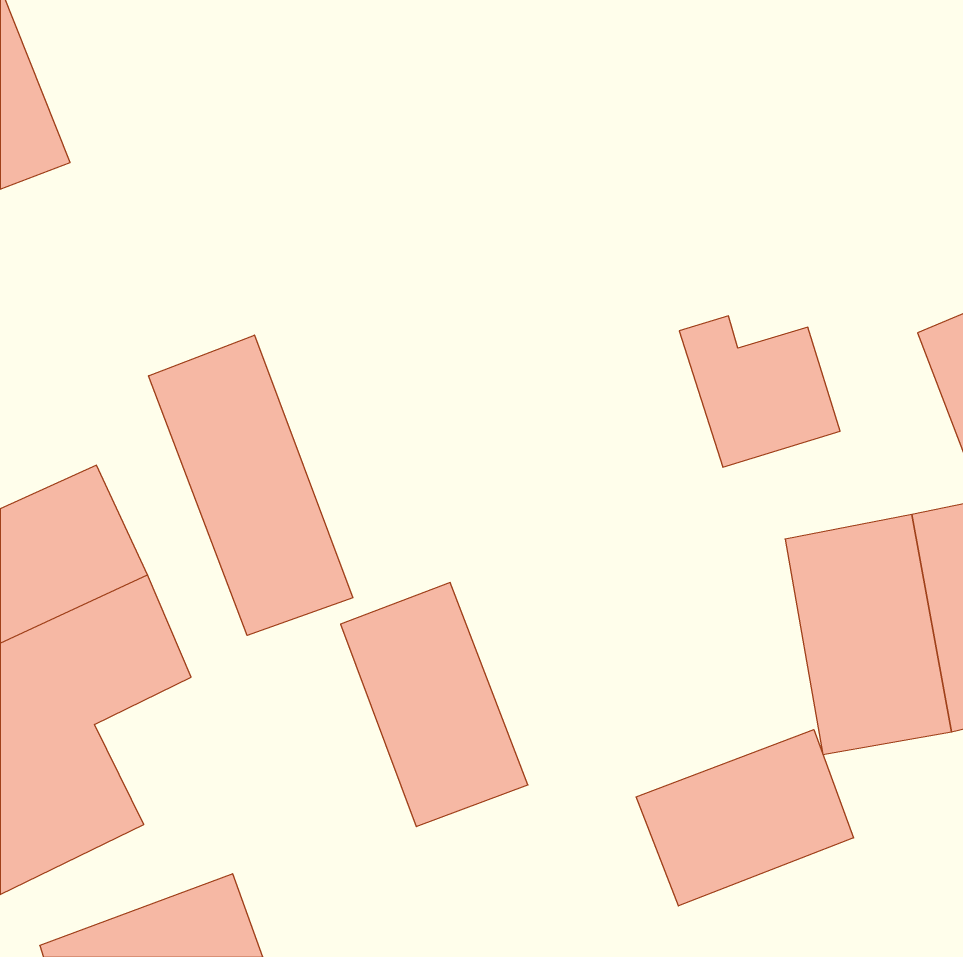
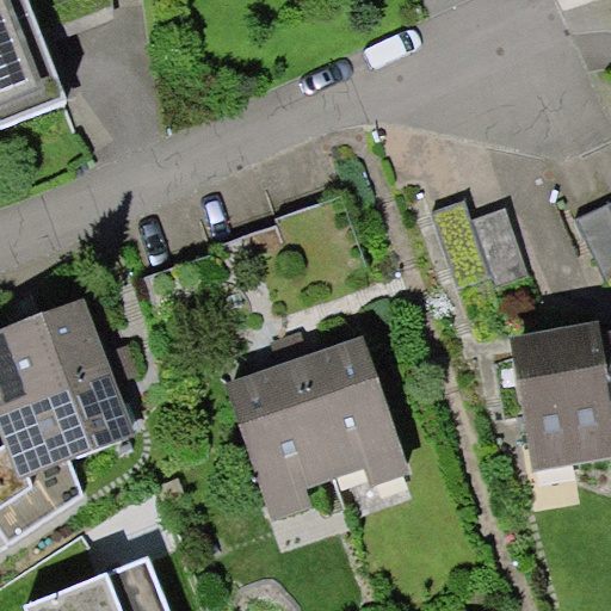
building: [149,335,353,635] -> none
building: none -> [286,337,415,495]
building: [636,730,854,906] -> none

